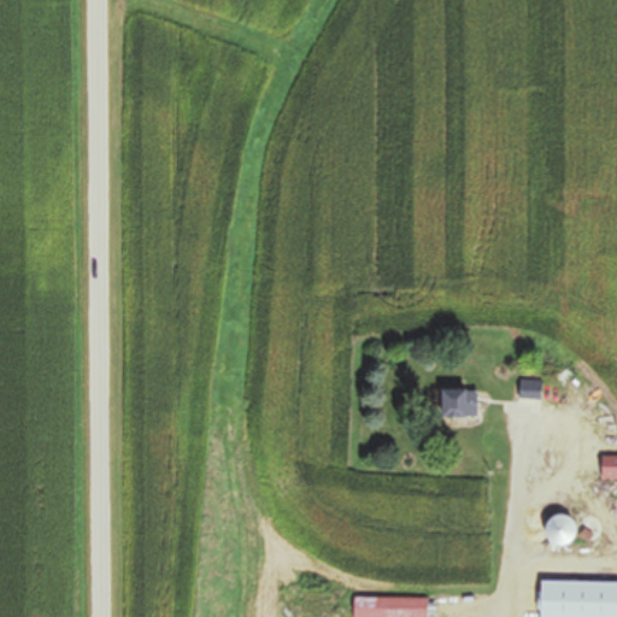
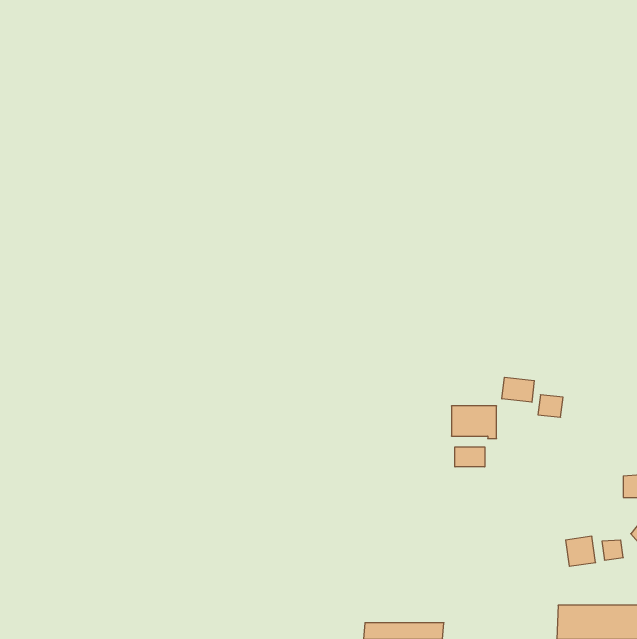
building: none -> [502,377,534,402]
building: none -> [455,447,485,467]

